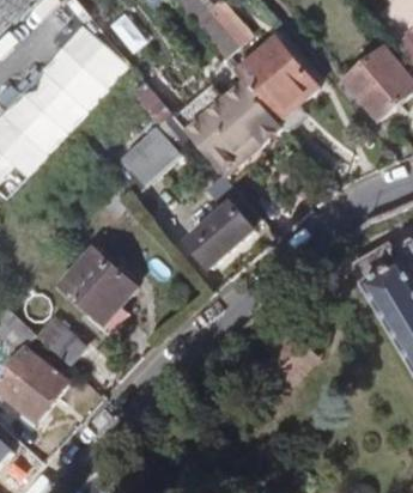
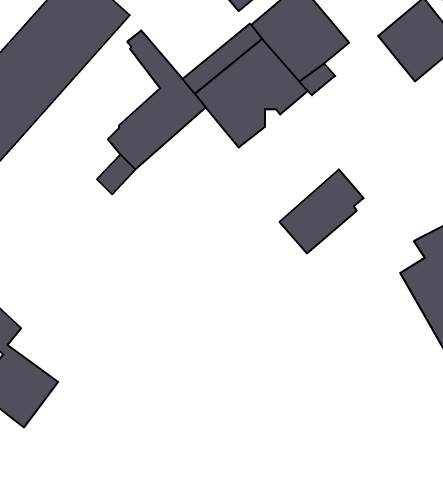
building: [188,196,261,269] -> [280,169,364,253]
building: [59,248,138,324] -> none
building: [35,315,85,366] -> none

